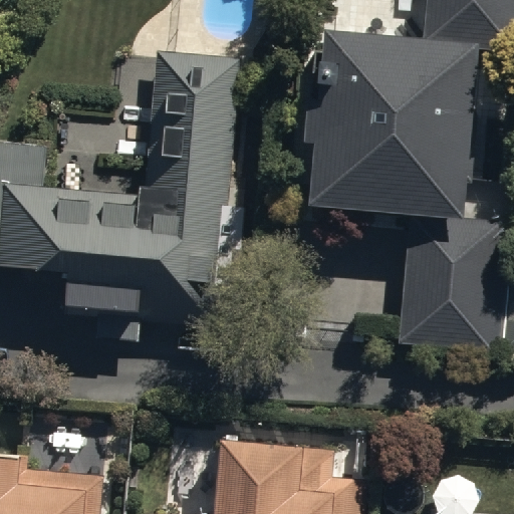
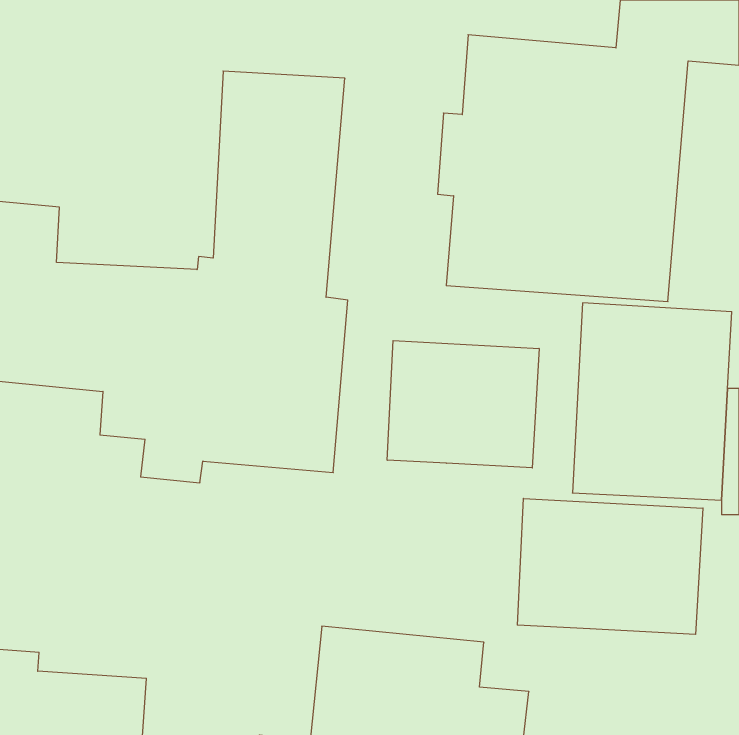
building: none -> [387,341,539,468]
building: none -> [517,498,703,634]

